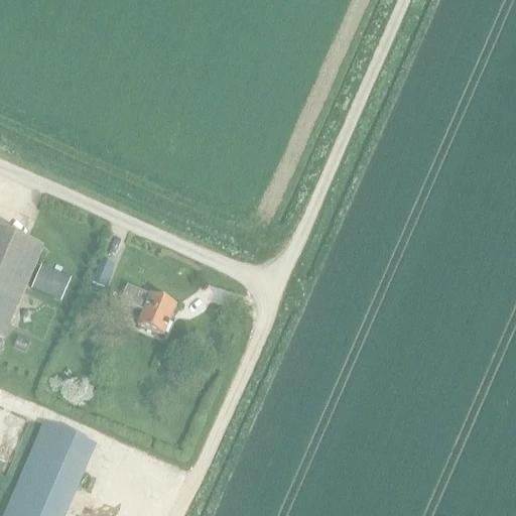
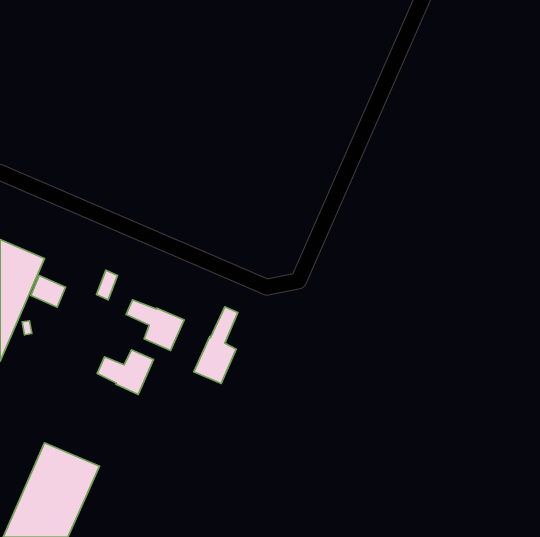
building: none -> [194,307,238,384]
building: none -> [97,350,153,395]

